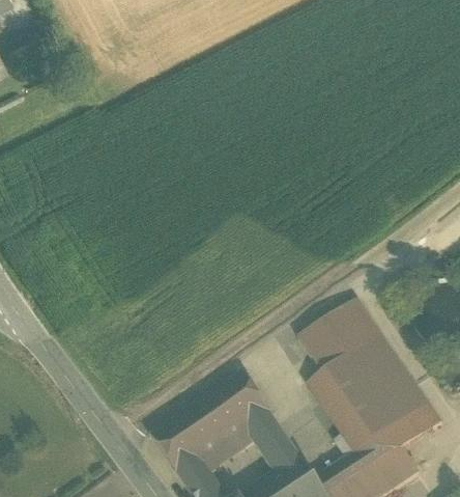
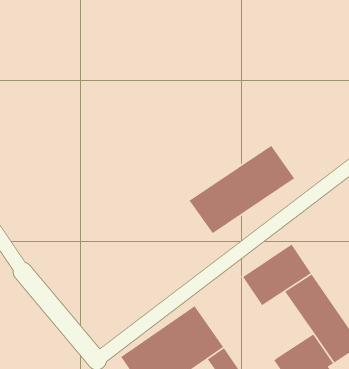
building: none -> [189,145,295,234]
building: [311,363,387,441] -> none

